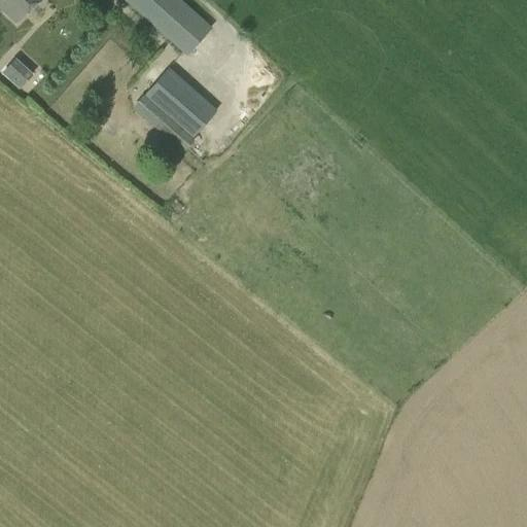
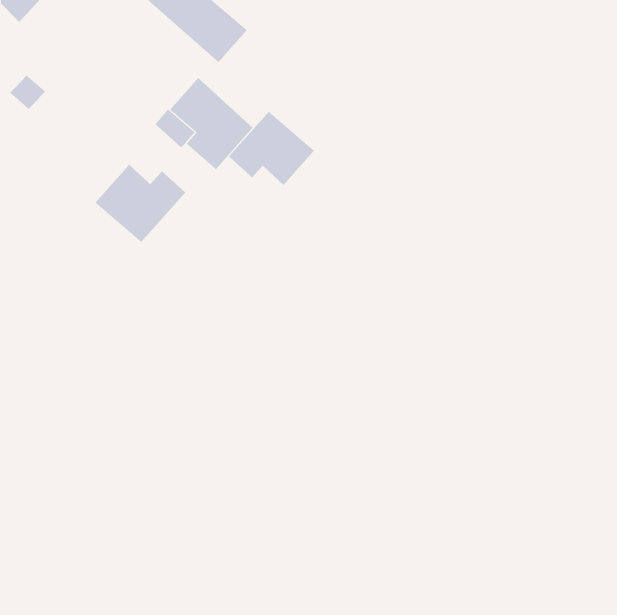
building: none -> [228,111,315,186]
building: none -> [95,164,186,243]

